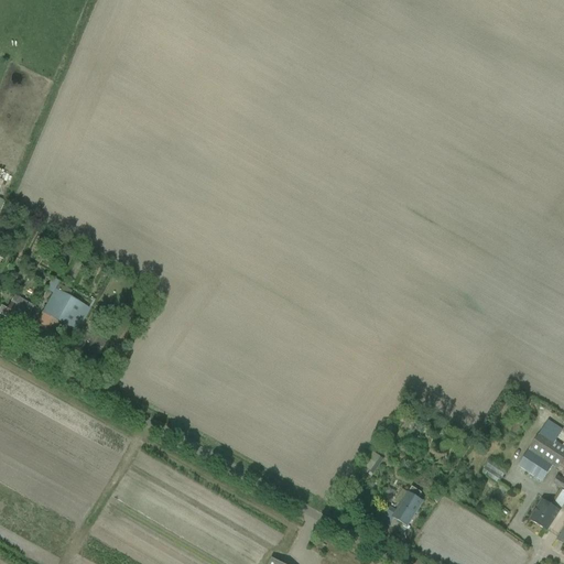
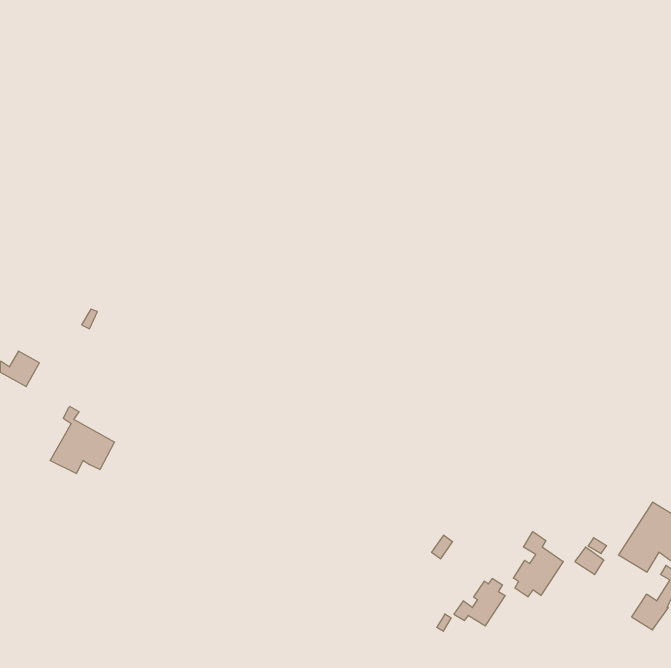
building: [36,276,90,333] -> [50,406,115,474]
building: none -> [513,532,563,597]

